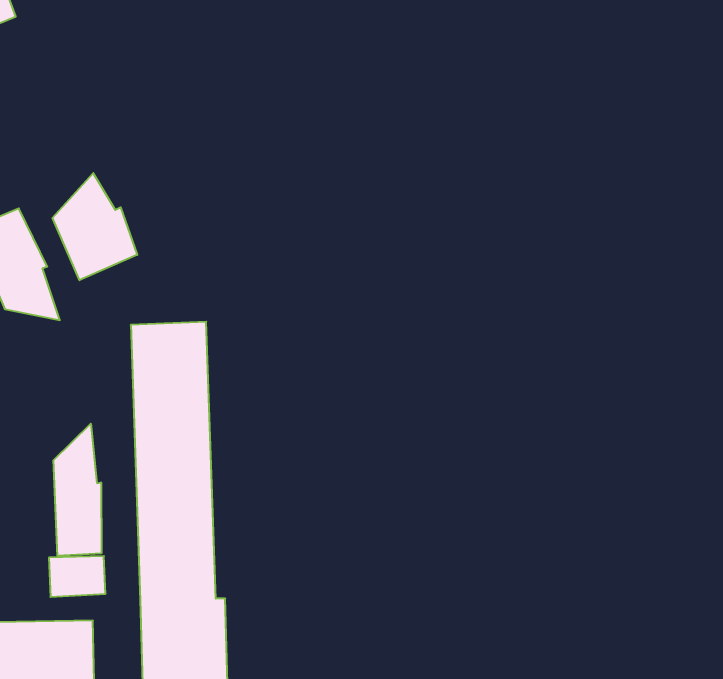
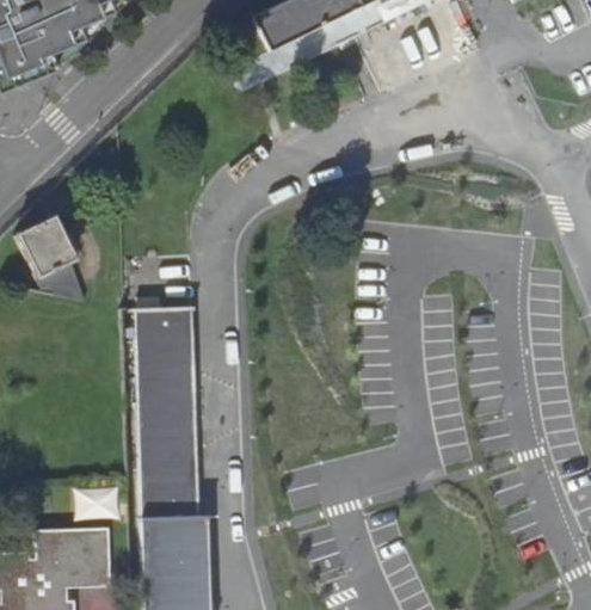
building: [53,173,137,280] -> none
building: [54,424,101,556] -> none

